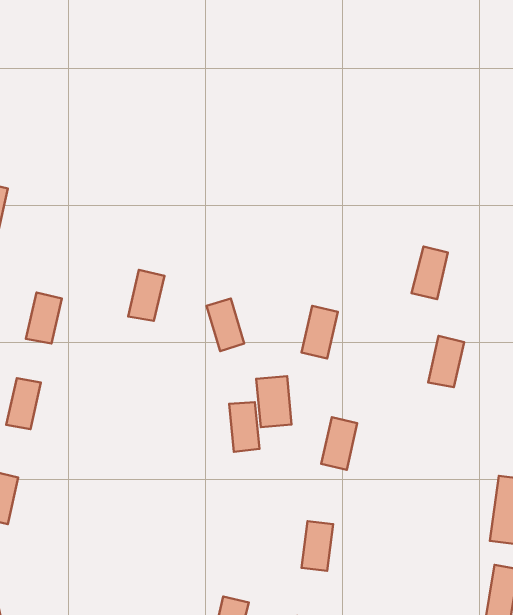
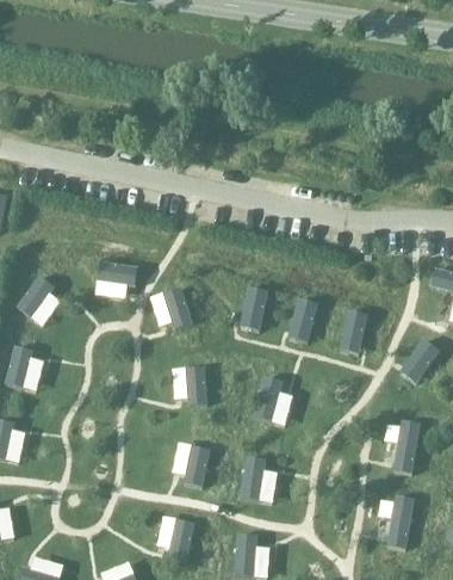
building: [412,247,448,299] -> [290,301,318,343]
building: [256,376,292,427] -> none
building: none -> [184,446,212,488]

